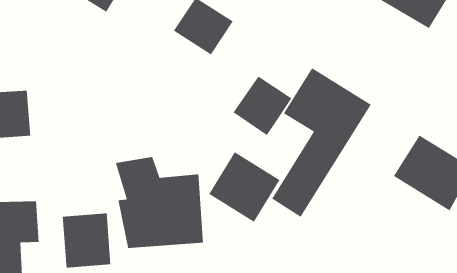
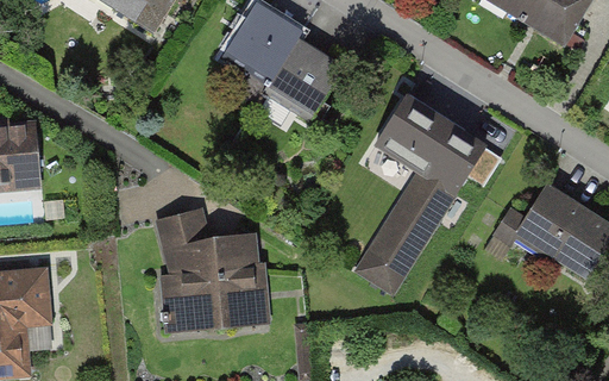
building: [233,75,293,136] -> [270,42,349,121]
building: [208,151,280,223] -> none
building: [62,212,111,269] -> none

